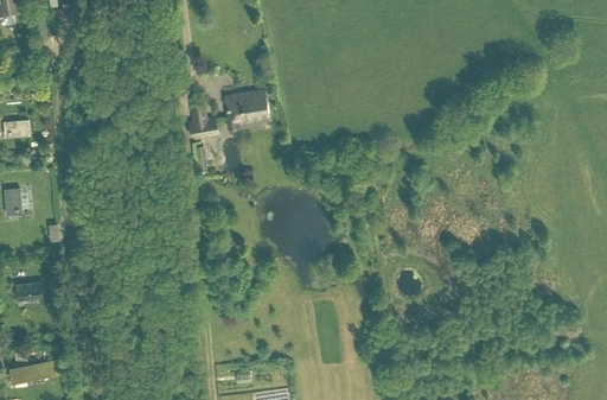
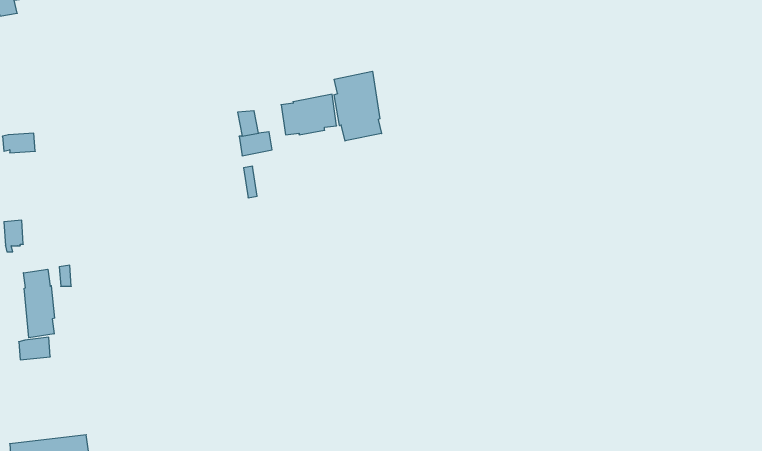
building: none -> [334,71,382,141]
building: none -> [23,269,54,338]

